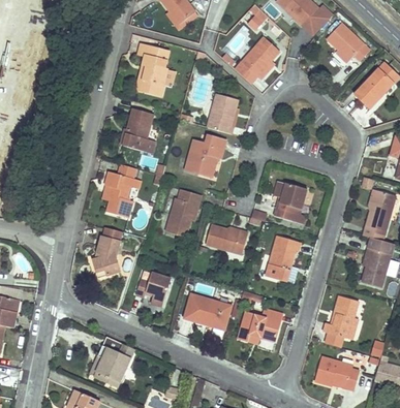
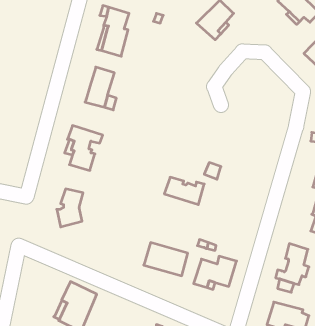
building: [206,93,237,134] -> none
building: [185,135,225,177] -> none
building: [273,182,308,225] -> none
building: [165,189,201,237] -> none
building: [265,236,301,285] -> none
building: [134,269,171,307] -> none

